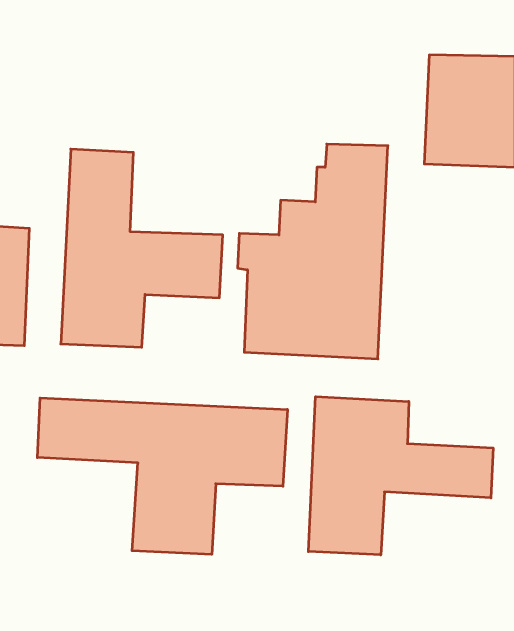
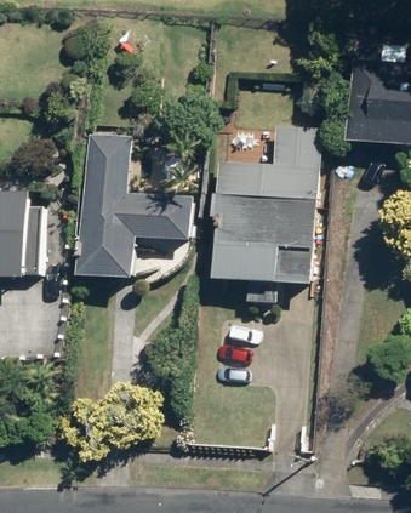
building: [308,397,493,555] -> none
building: [37,398,287,554] -> none

